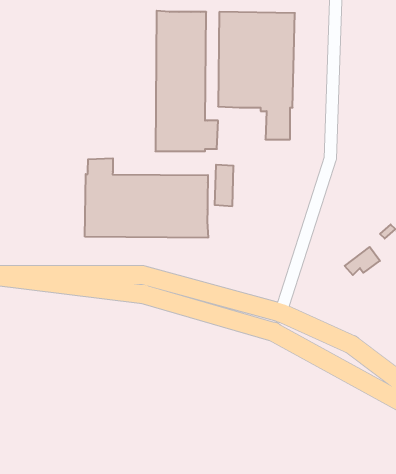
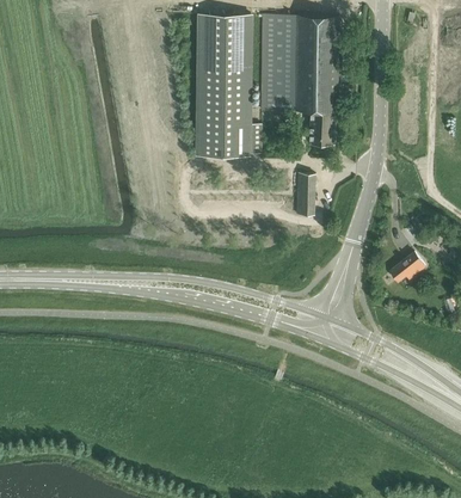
building: [85,158,208,238] -> none
building: [215,165,234,206] -> [295,174,314,216]

